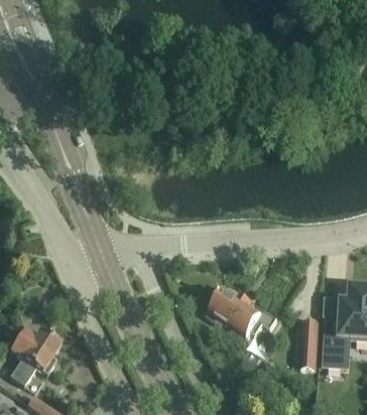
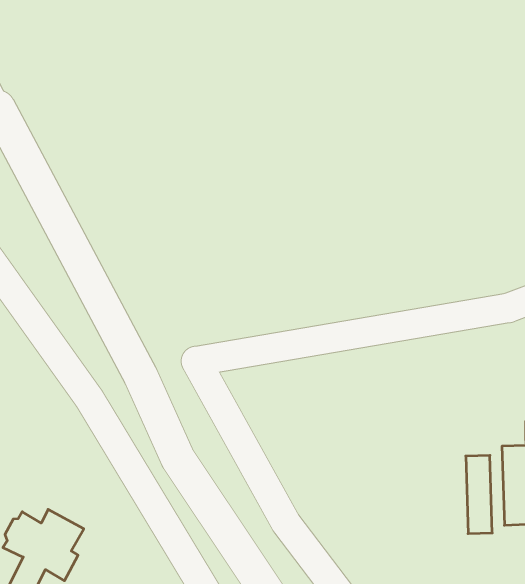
building: [204,289,276,341] -> none

